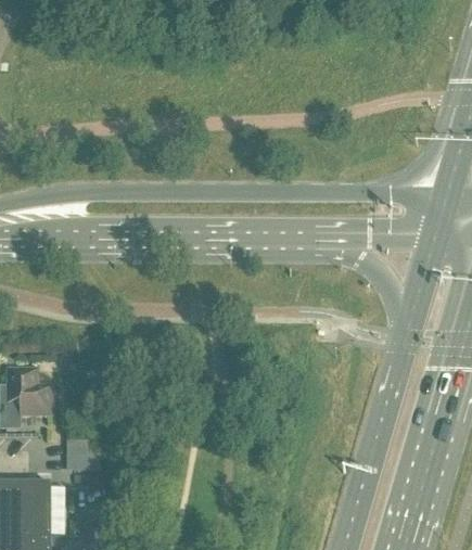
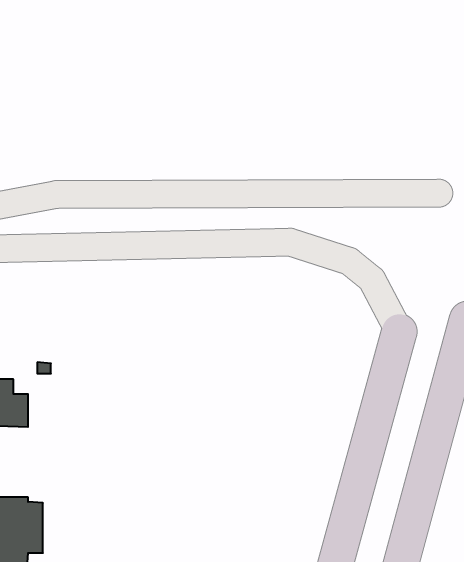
building: [66,442,99,472] -> none

